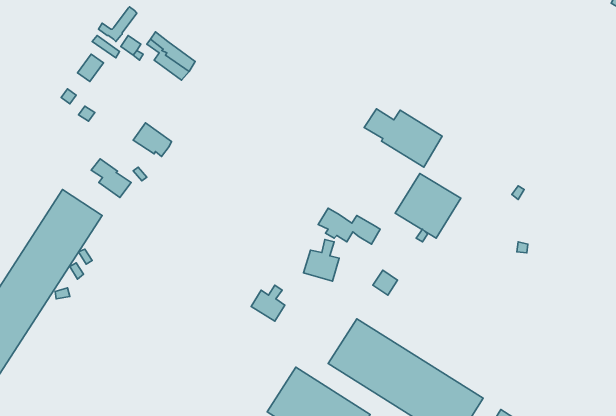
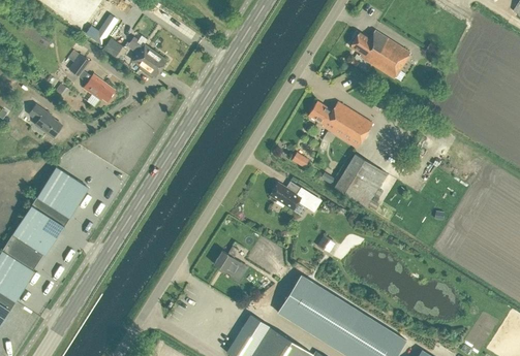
building: none -> [349,30,410,80]
building: [133,123,172,156] -> [83,74,115,102]
building: [91,159,131,197] -> [29,105,62,137]
building: [304,239,339,281] -> none

